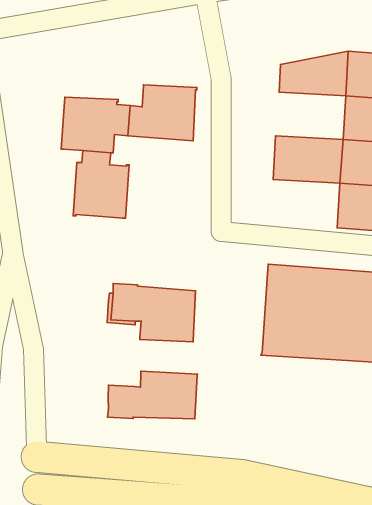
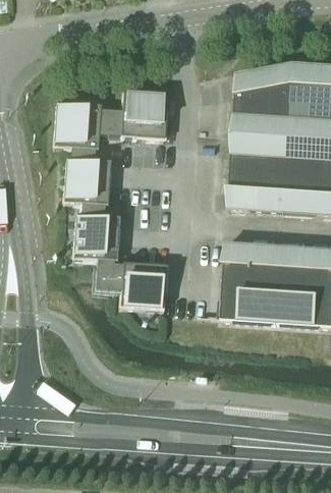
building: none -> [232,97,291,136]
building: none -> [228,170,286,211]
building: none -> [72,201,118,259]
building: [107,371,197,419] -> none

